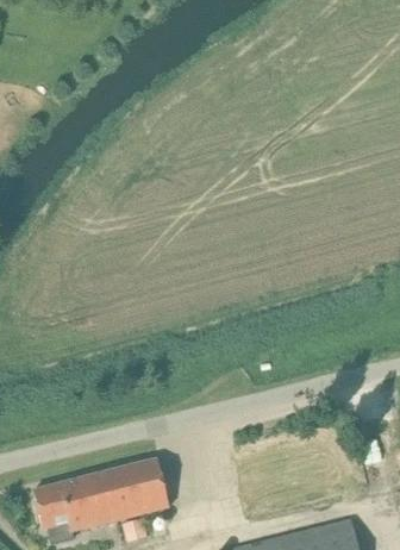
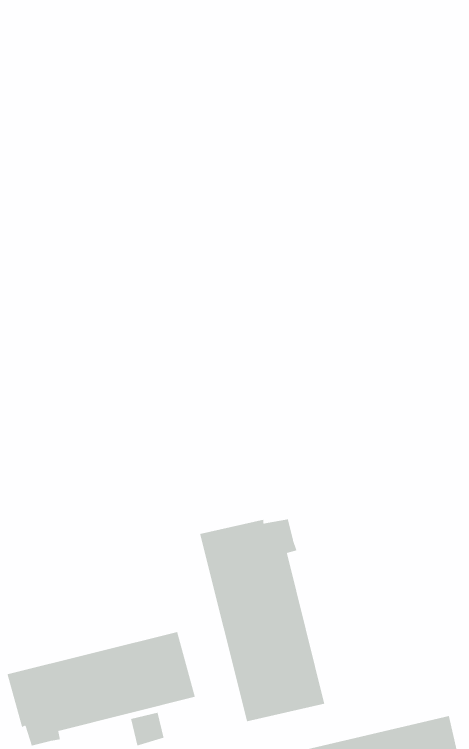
building: none -> [199,519,325,722]

